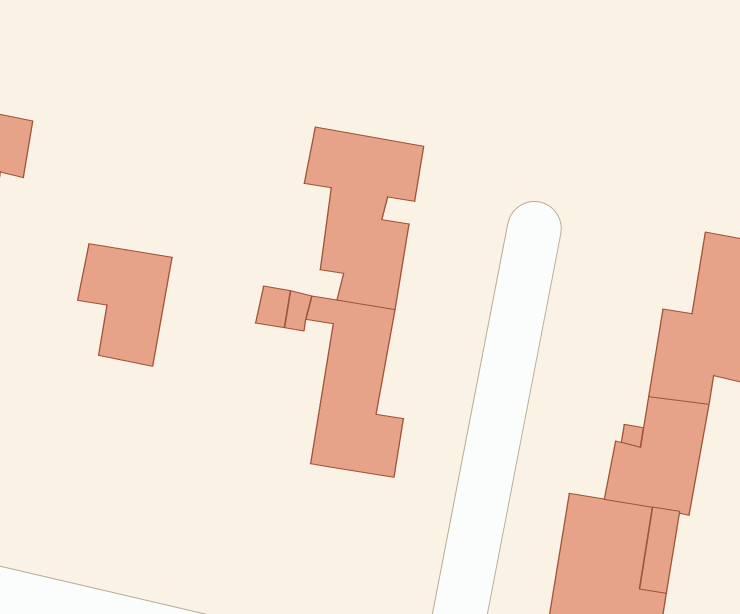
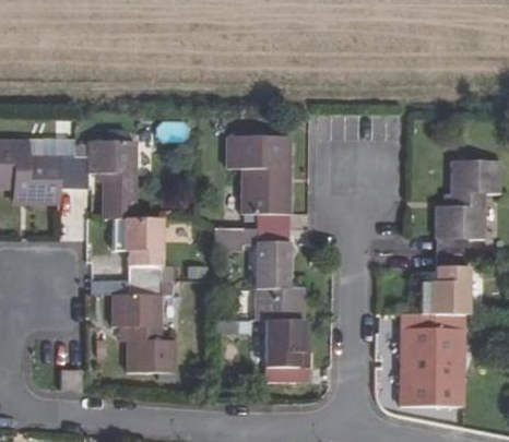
building: none -> [74,142,138,219]
building: none -> [115,279,178,373]
building: none -> [267,320,308,382]

